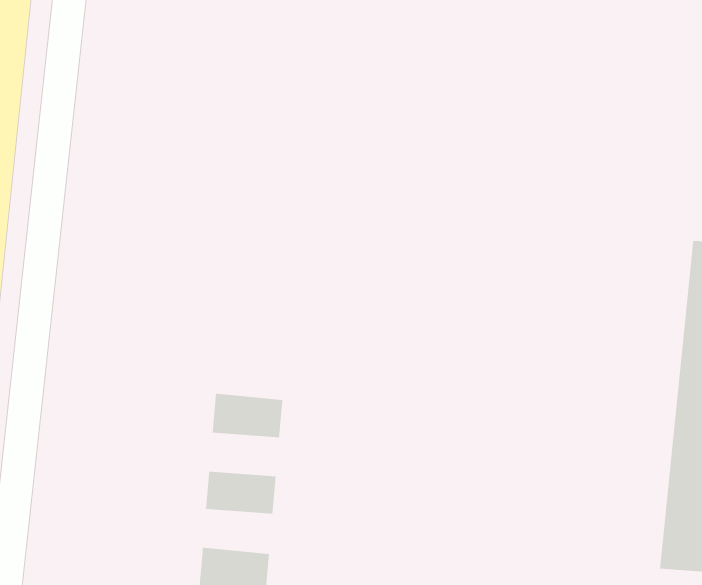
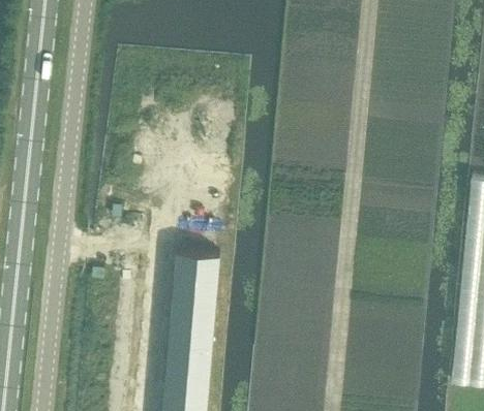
building: none -> [175,255,219,283]
building: none -> [171,304,215,330]
building: none -> [167,351,211,379]

